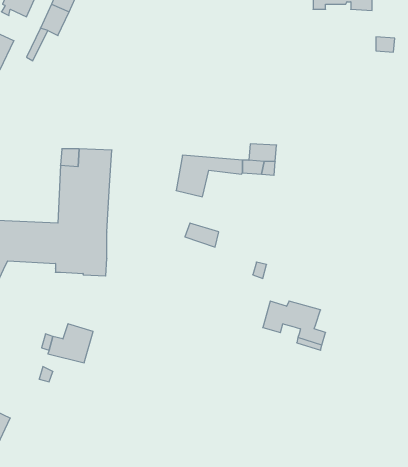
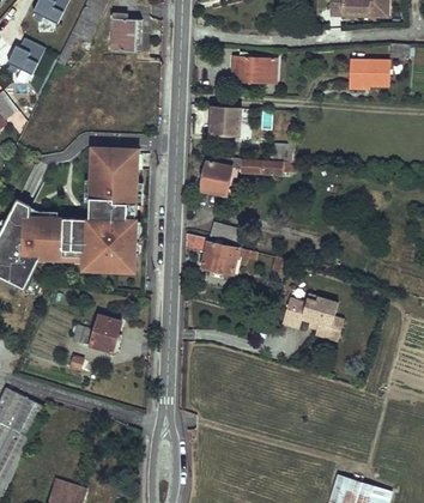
building: none -> [111,17,137,51]
building: none -> [237,51,275,83]
building: none -> [349,59,390,89]
building: none -> [210,107,240,134]
building: none -> [186,234,237,273]

